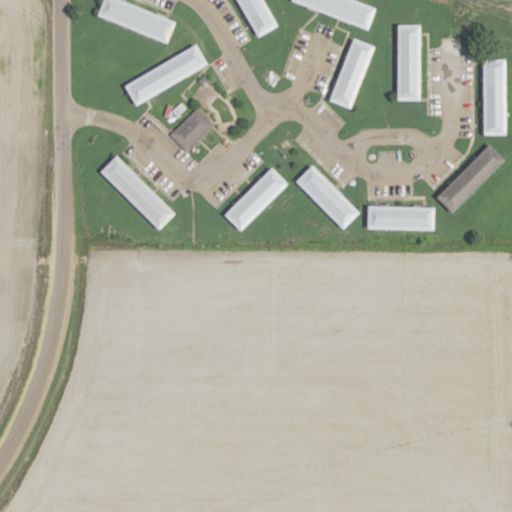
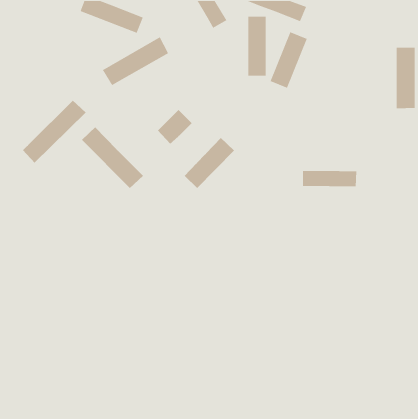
building: [397,25,420,99] -> [248,16,267,77]
building: [168,109,211,152] -> [157,109,192,145]
building: none -> [22,100,86,163]
building: [435,144,504,212] -> none
building: [295,166,358,228] -> none

